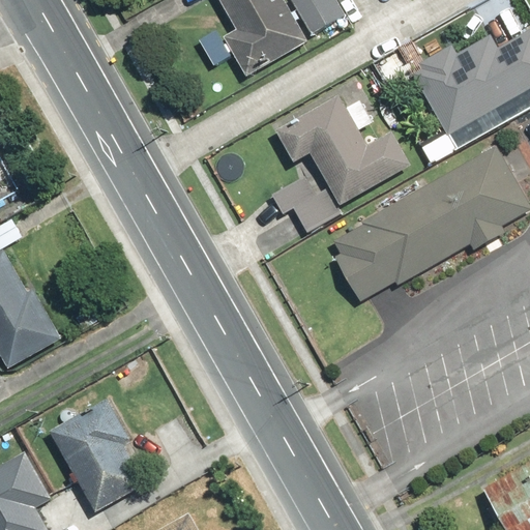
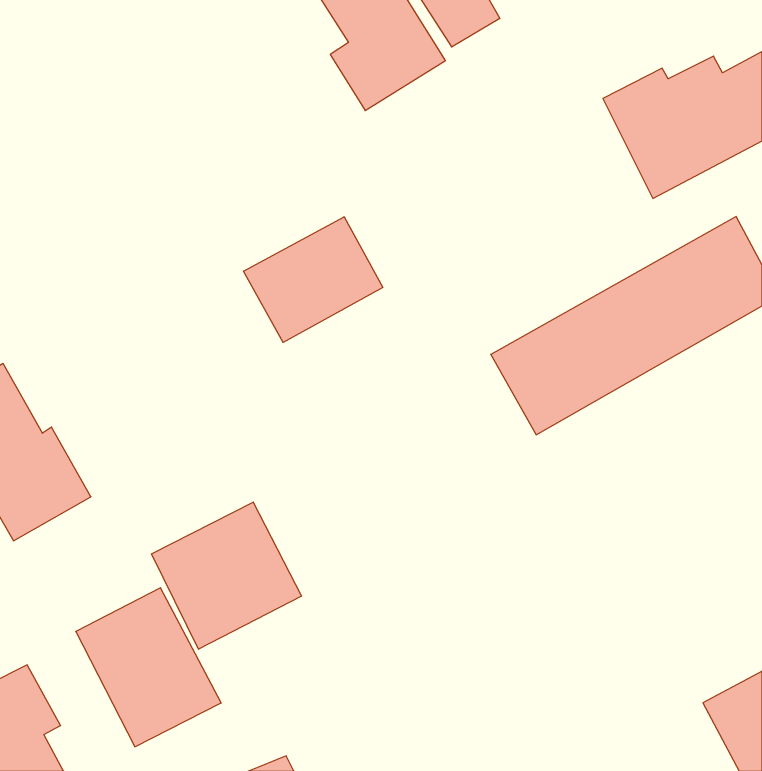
building: [271,95,416,232] -> none
building: none -> [243,217,383,342]
building: none -> [151,502,302,649]

